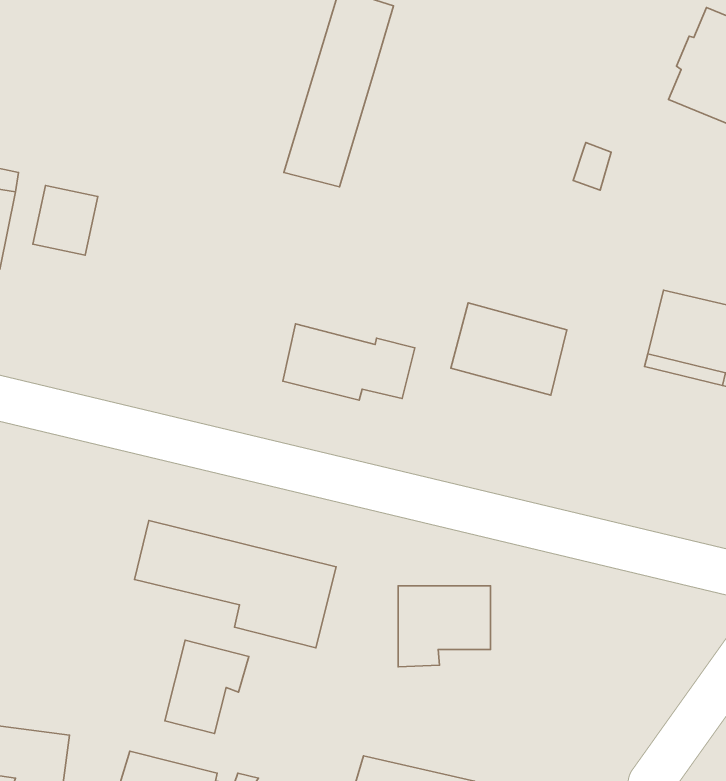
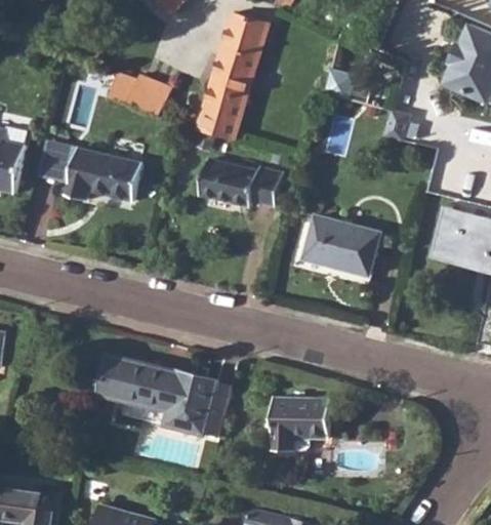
building: none -> [108,72,170,117]
building: none -> [65,147,141,200]
building: [283,324,415,400] -> [197,158,282,207]
building: [165,640,249,733] -> none

